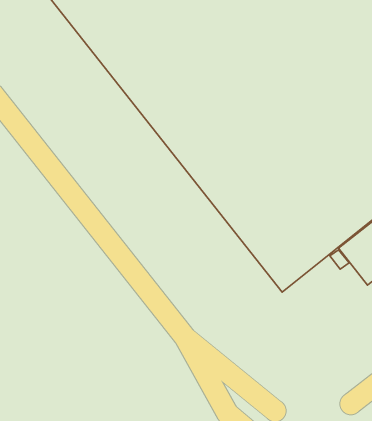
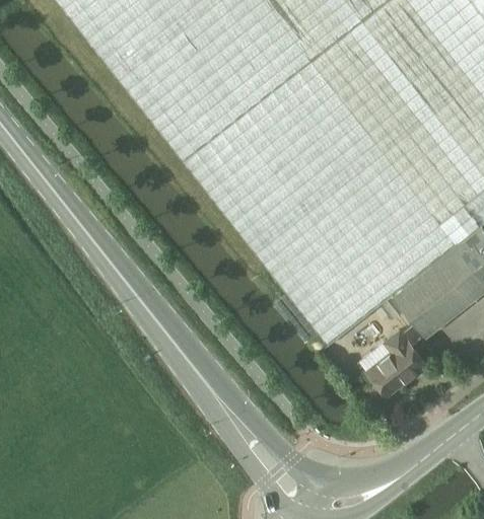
building: none -> [367,327,427,393]

